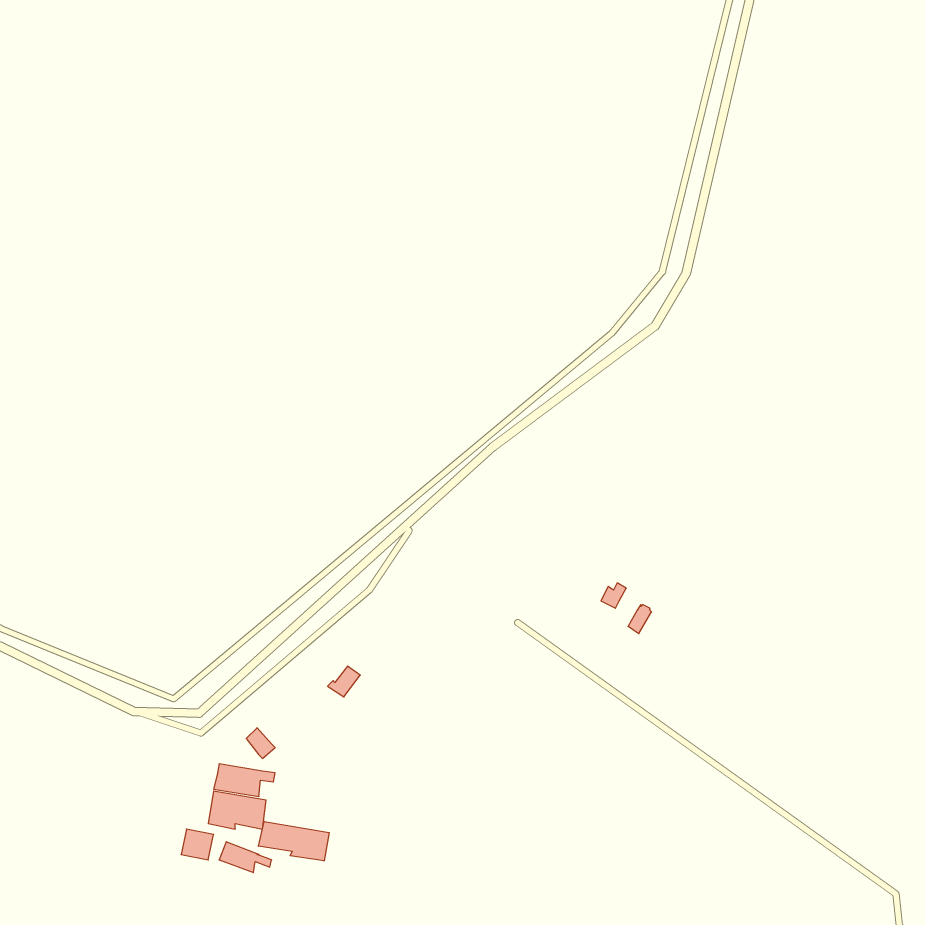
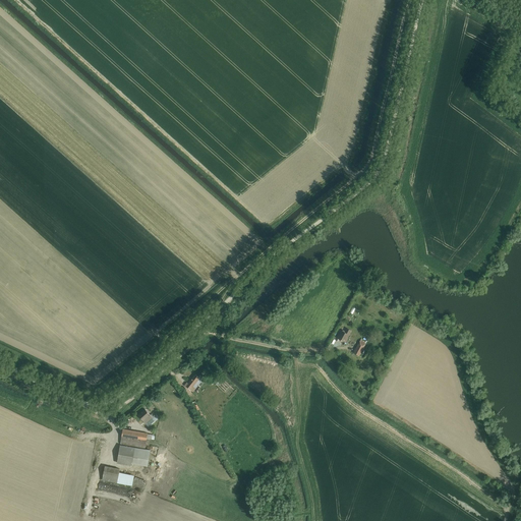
building: [258,821,329,861] -> none

